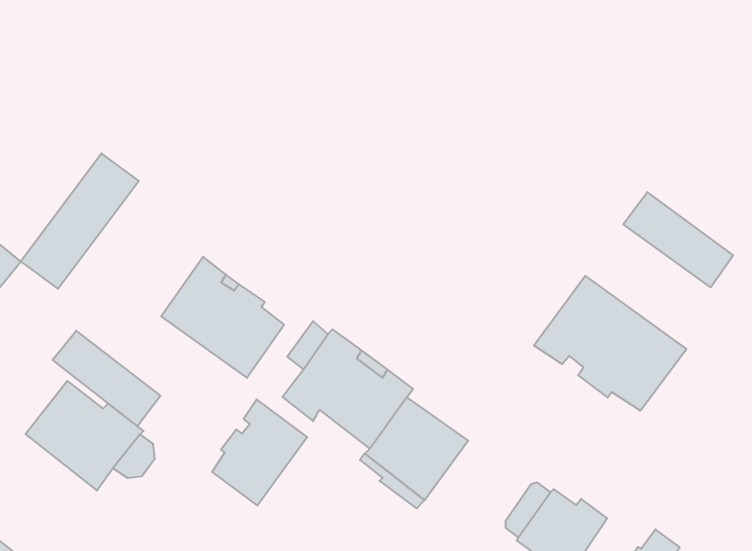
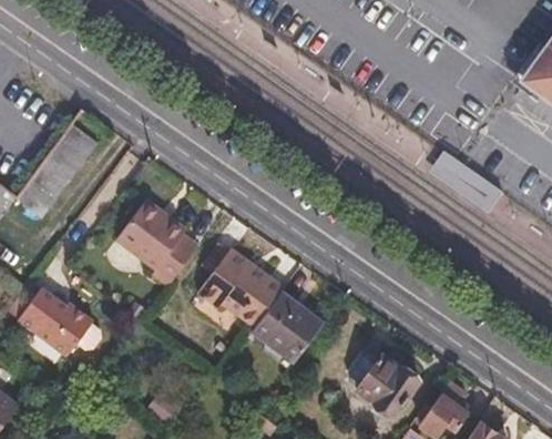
building: [534,276,686,411] -> none
building: [53,331,161,426] -> none
building: [212,399,307,506] -> none

